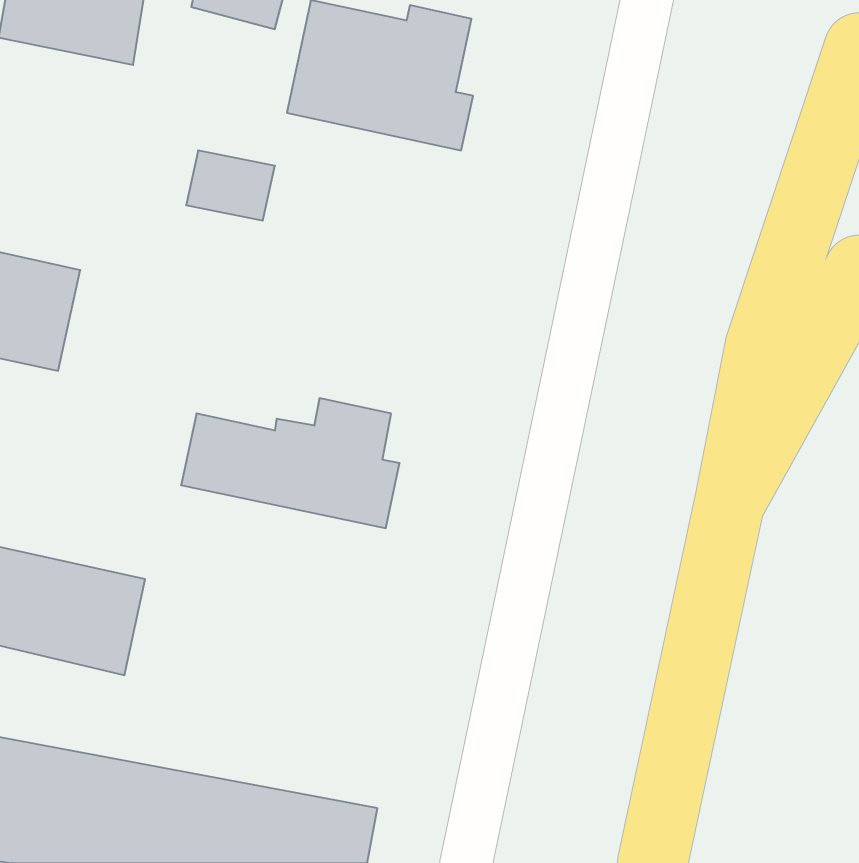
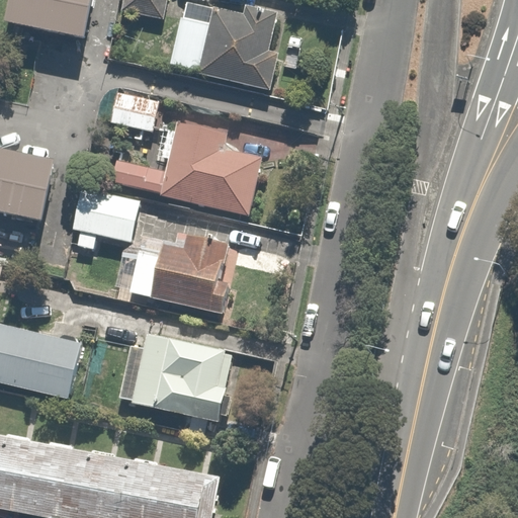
building: none -> [110,124,265,214]
building: none -> [70,187,143,242]
building: none -> [117,335,236,423]

